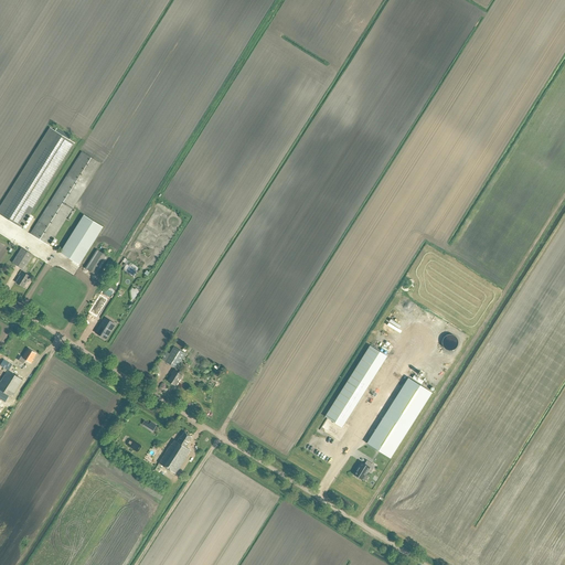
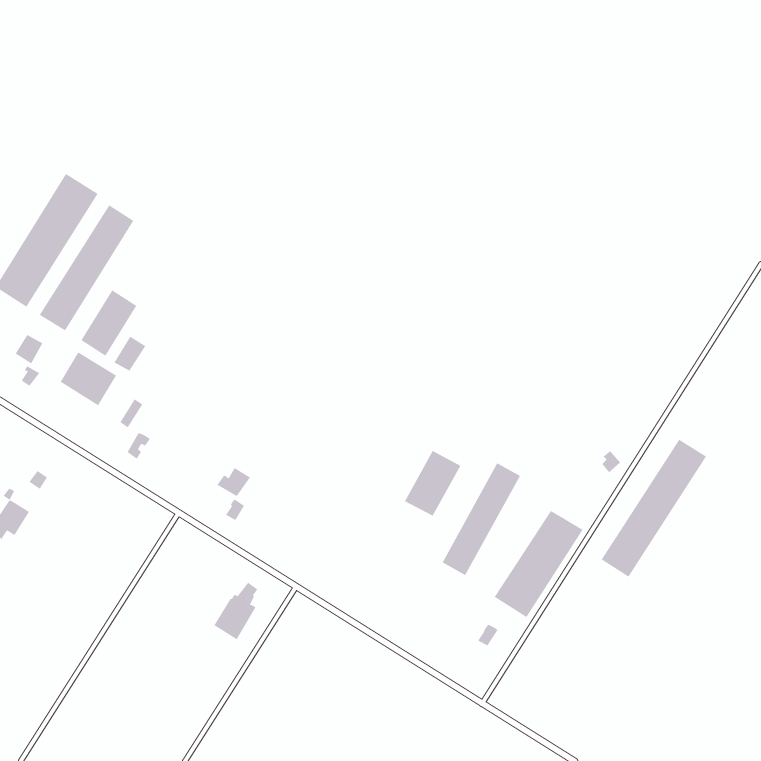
building: none -> [60,351,117,406]
building: none -> [601,439,707,577]
building: none -> [404,450,461,517]

